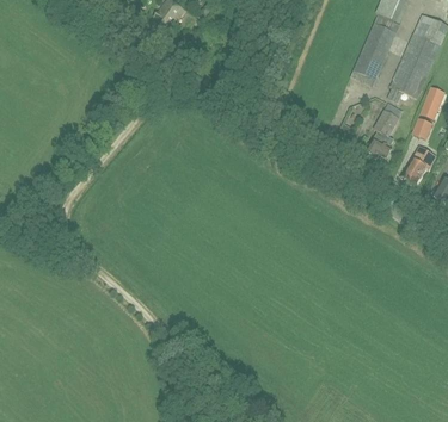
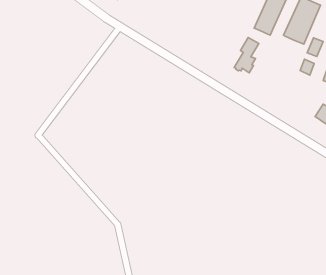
building: [366,108,399,156] -> [234,37,259,73]
building: [401,144,436,182] -> none

